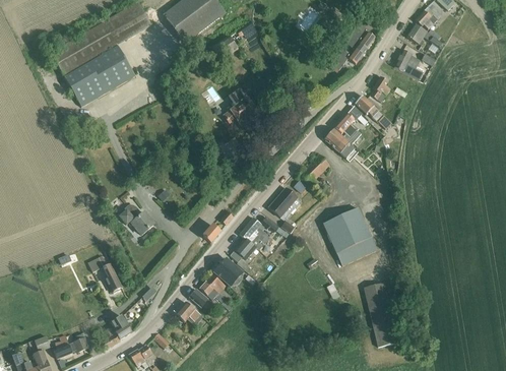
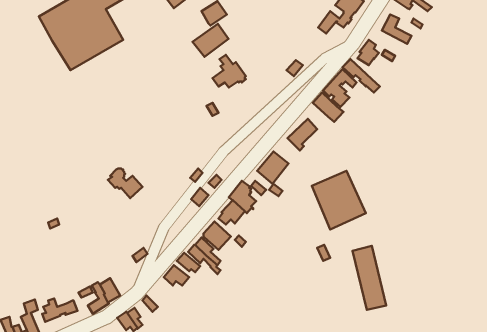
building: none -> [193,24,229,57]
building: [88,255,122,293] -> none

